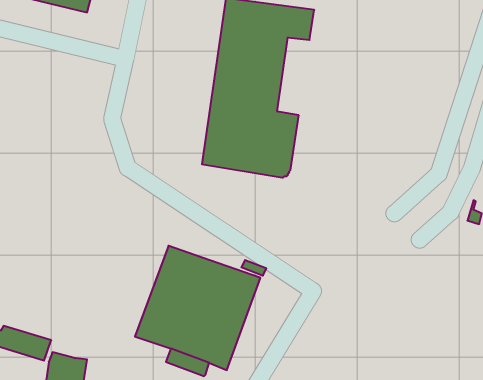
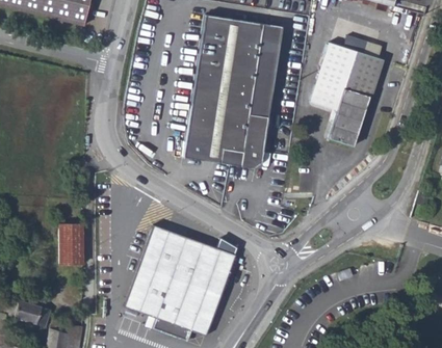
building: none -> [312,43,381,144]
building: none -> [249,46,277,113]
building: none -> [60,223,83,263]

